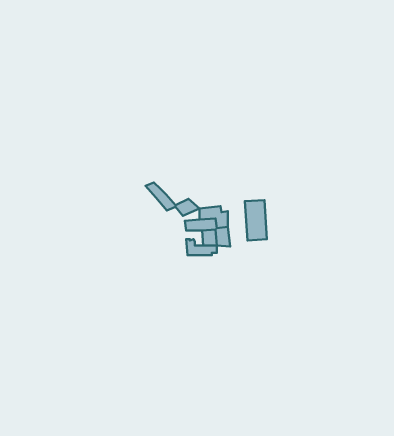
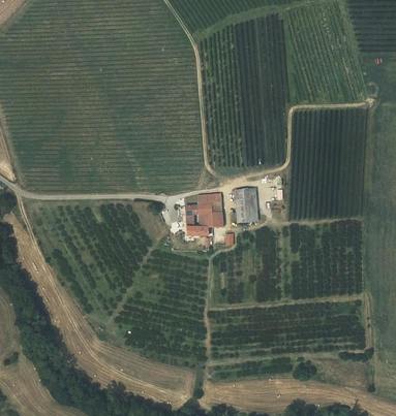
building: [146,182,200,216] -> none

